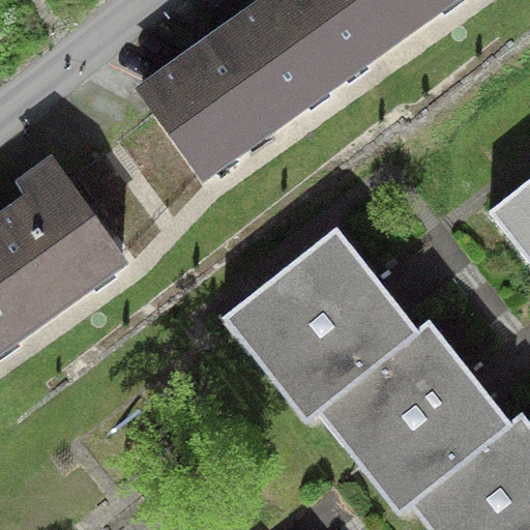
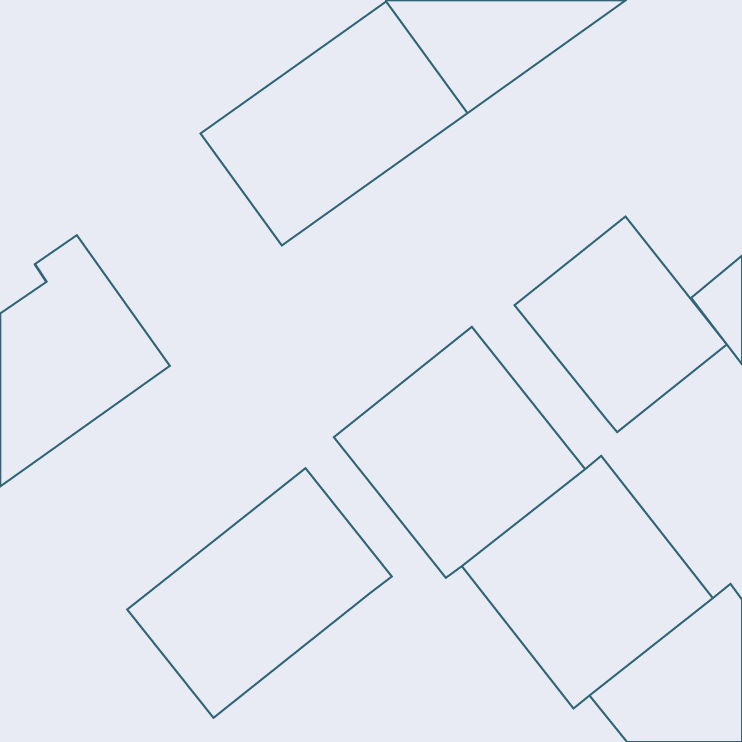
building: none -> [514,217,727,432]
building: none -> [127,468,392,718]

